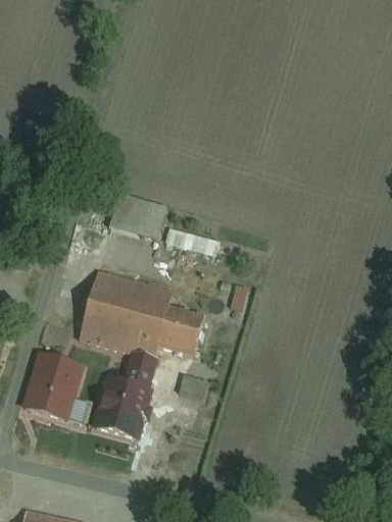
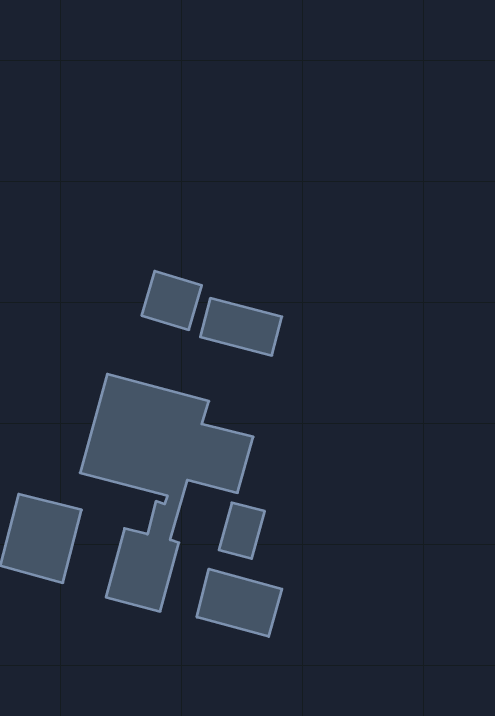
building: none -> [197,569,282,637]

